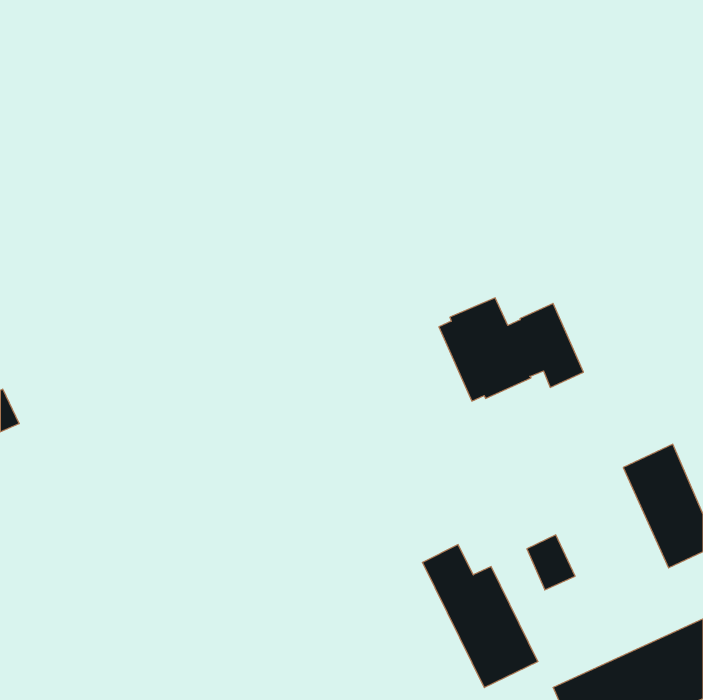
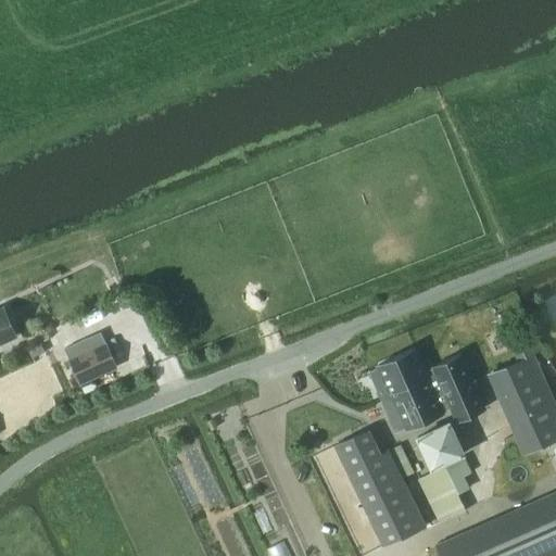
building: [439,298,583,401] -> [369,352,483,433]
building: none -> [64,333,115,384]
building: none -> [420,468,465,523]

